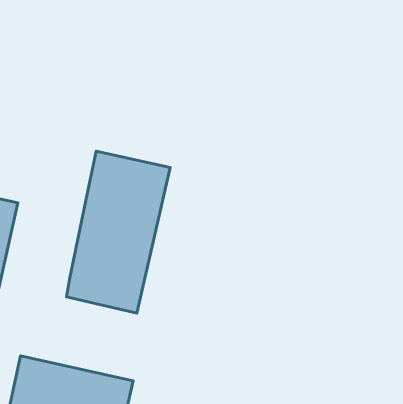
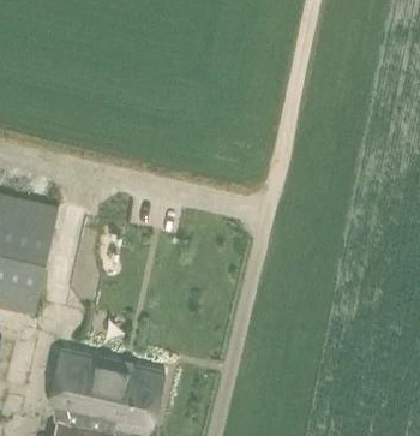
building: [66,151,170,313] -> none

